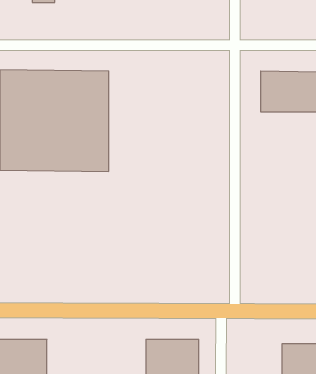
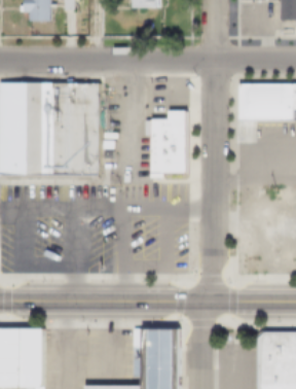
building: none -> [150,110,186,178]

